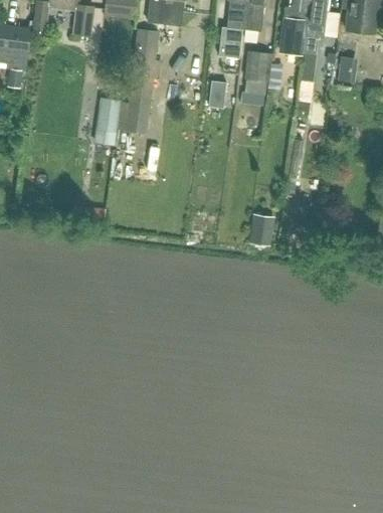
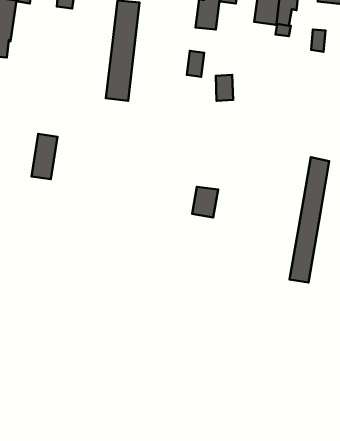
building: [240,49,271,104] -> none
building: [94,97,122,144] -> [32,134,57,179]
building: none -> [290,157,329,282]
building: [248,212,275,244] -> [192,187,218,218]

